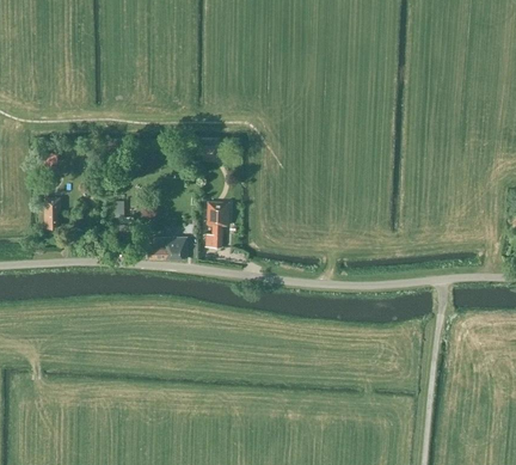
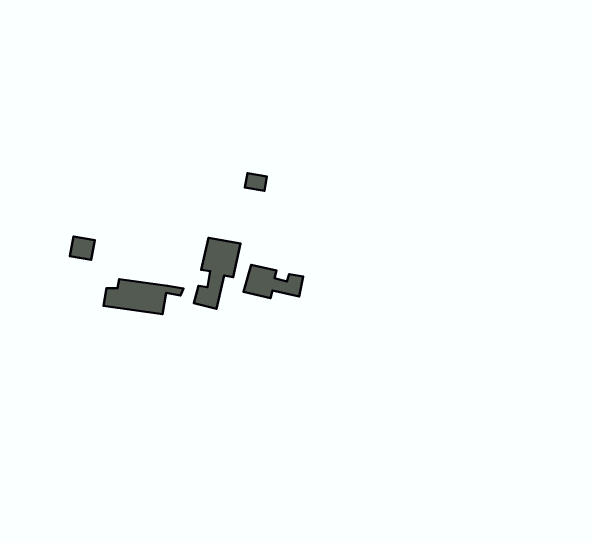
building: none -> [244,265,303,298]

